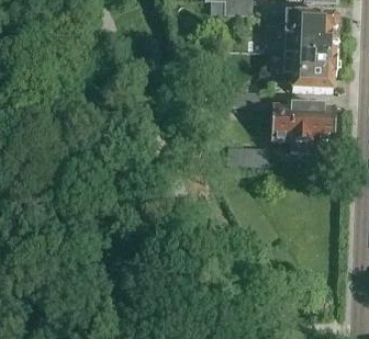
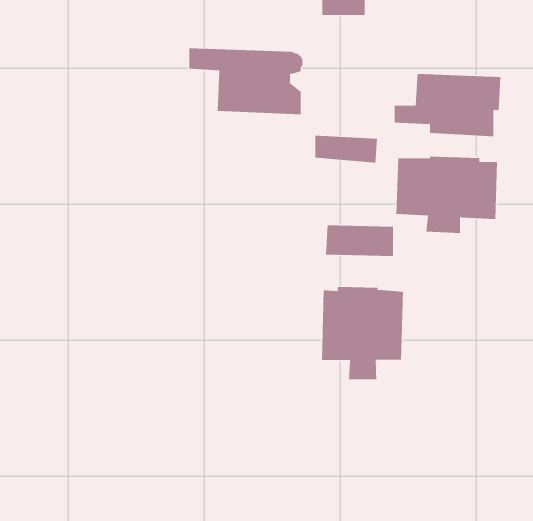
building: [265,12,336,54] -> [189,48,303,115]
building: none -> [321,286,403,380]

